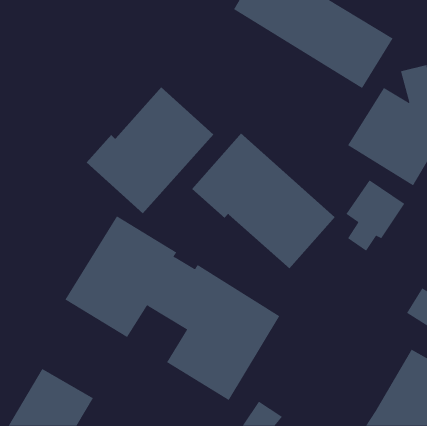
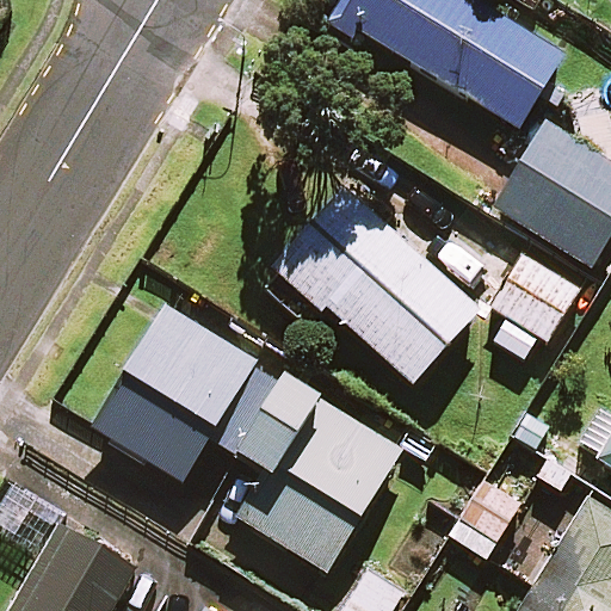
building: [86,87,214,214] -> none

